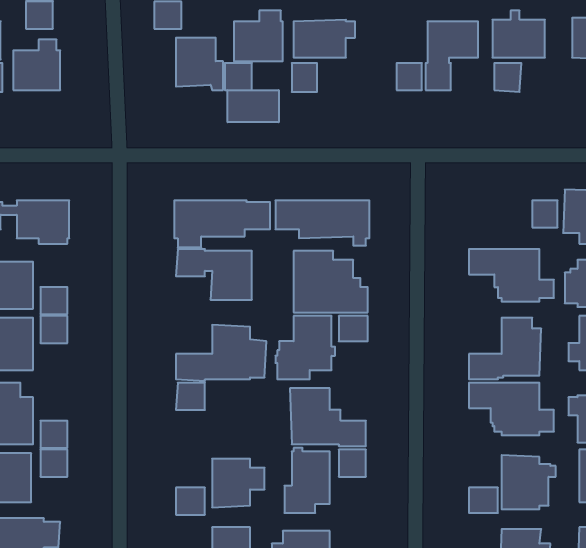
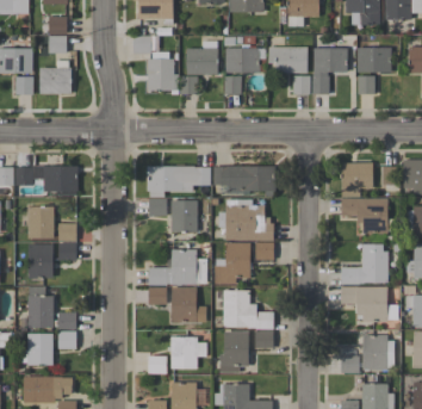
building: none -> [268,45,308,73]
building: [228,90,279,122] -> none
building: none -> [341,162,373,197]
building: none -> [172,287,206,322]

